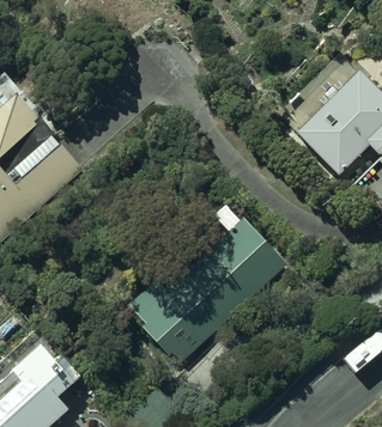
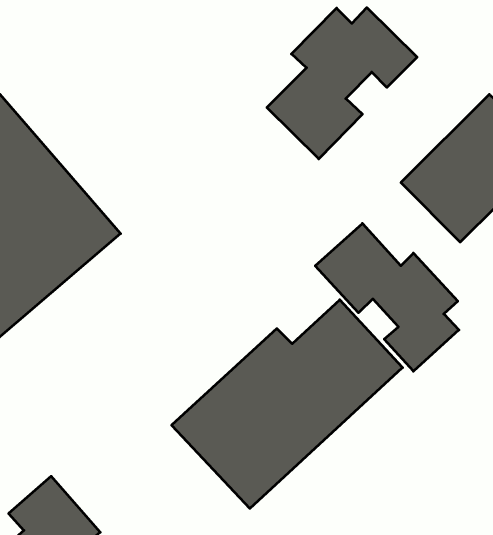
building: none -> [267,8,417,159]
building: none -> [315,223,459,371]

